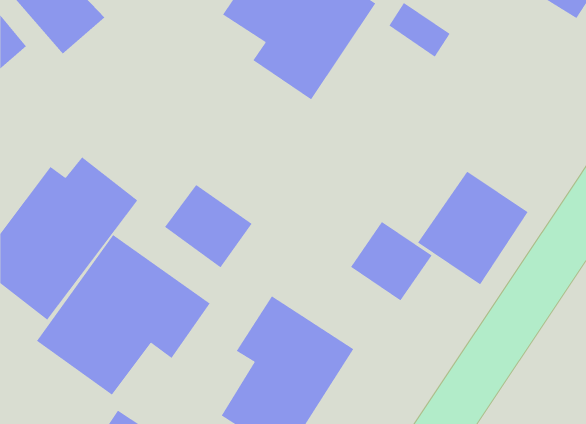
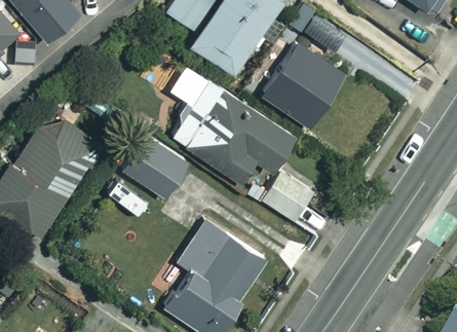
building: none -> [172,79,297,185]
building: [417,171,529,285] -> [261,42,344,127]
building: [36,234,211,396] -> none

